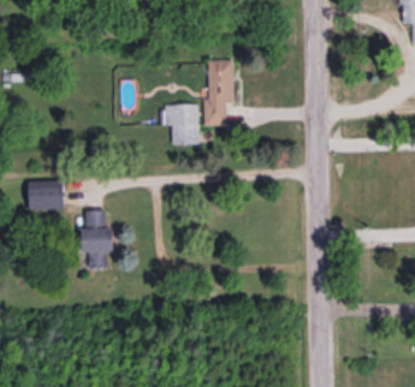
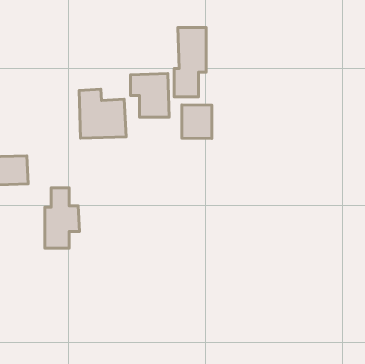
building: none -> [79,89,126,138]
building: none -> [182,105,212,139]

